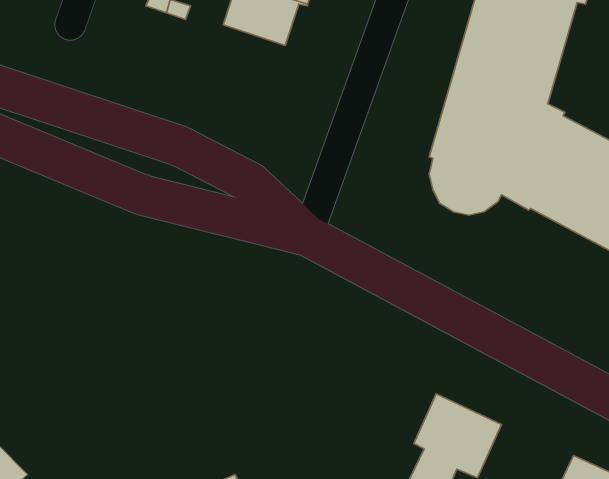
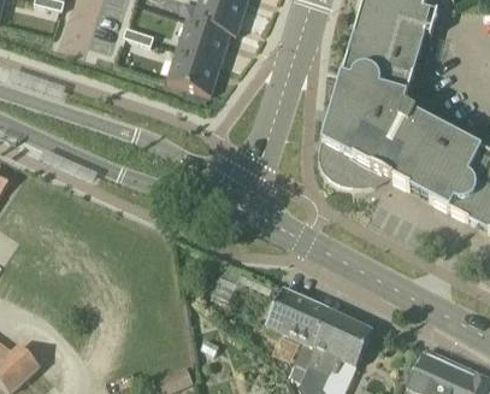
building: none -> [166,47,220,93]
building: none -> [266,286,326,341]

